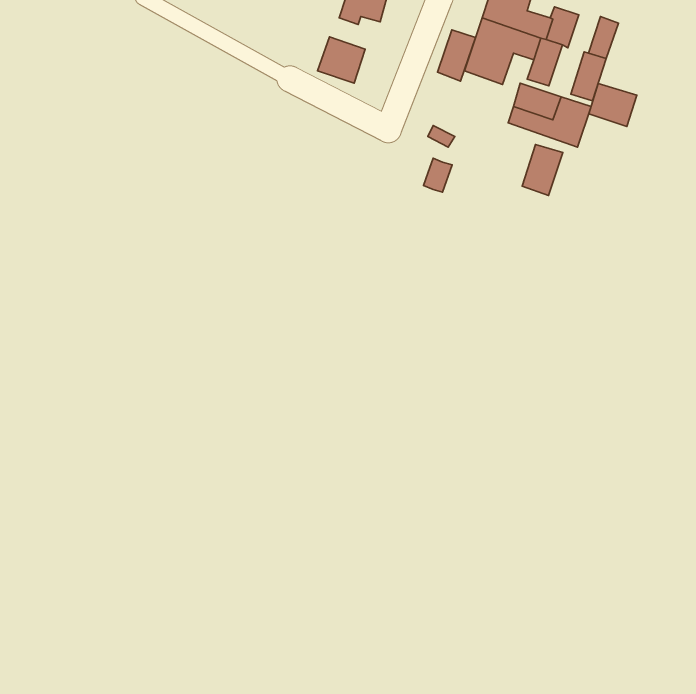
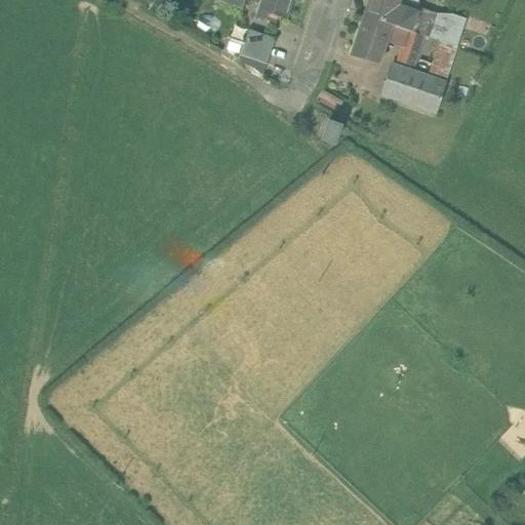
building: [438,30,476,81] -> none
building: [589,83,637,126] -> none
building: [522,144,563,195] -> none

